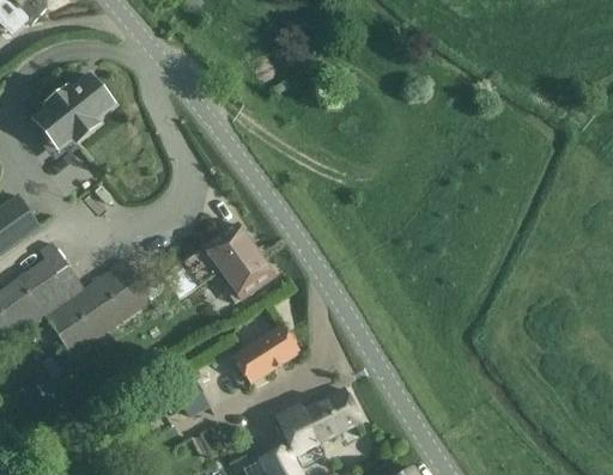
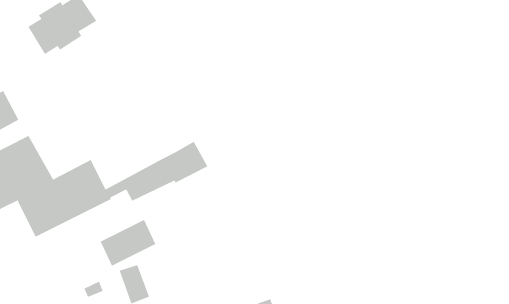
building: [221,249,274,302] -> none
building: [235,324,298,382] -> [100,219,156,266]

